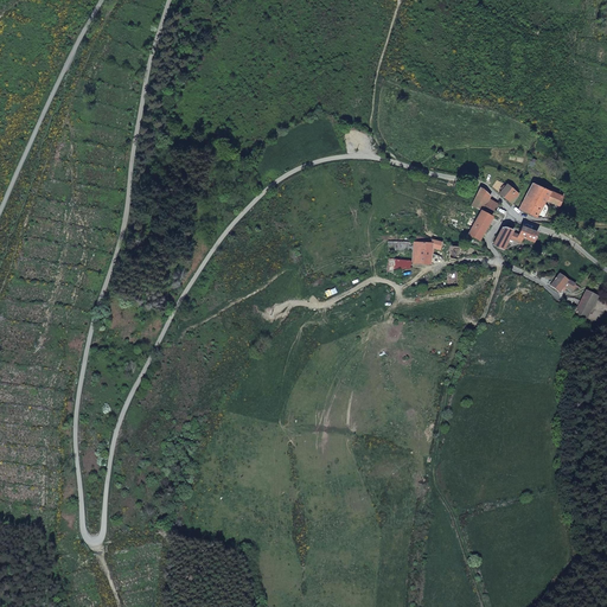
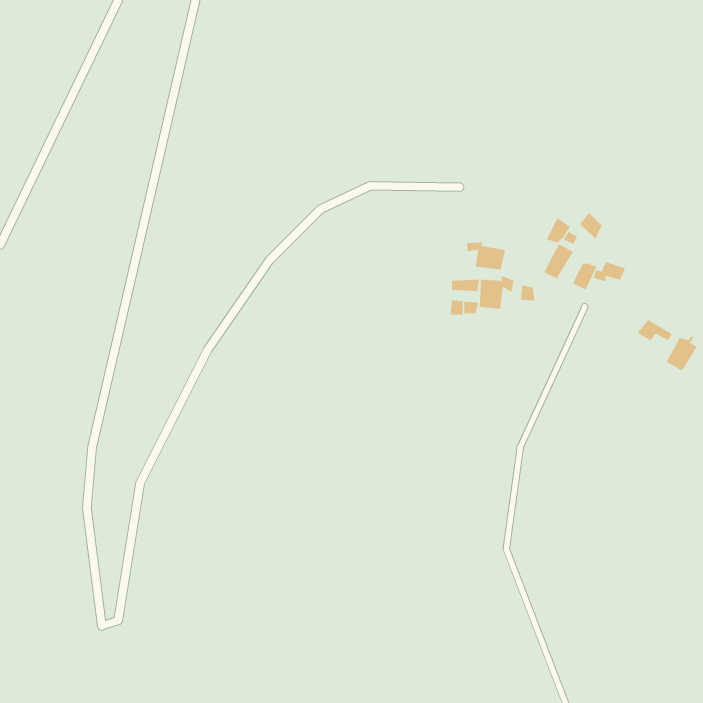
building: [519,183,564,218] -> none
building: none -> [467,242,506,270]

